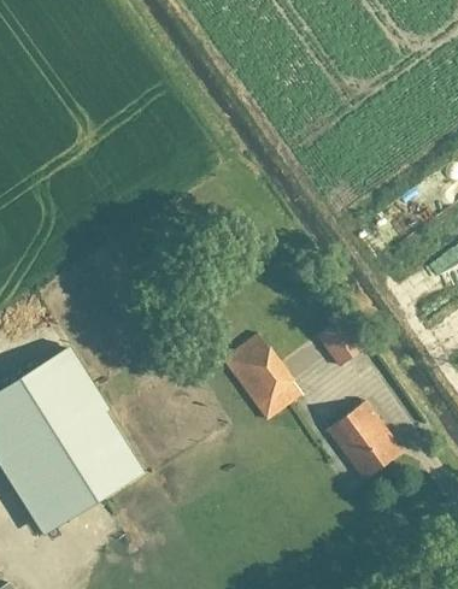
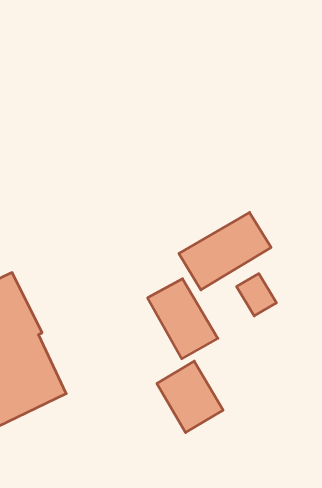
building: none -> [179,212,271,290]
building: [325,401,401,481] -> [157,361,223,433]

